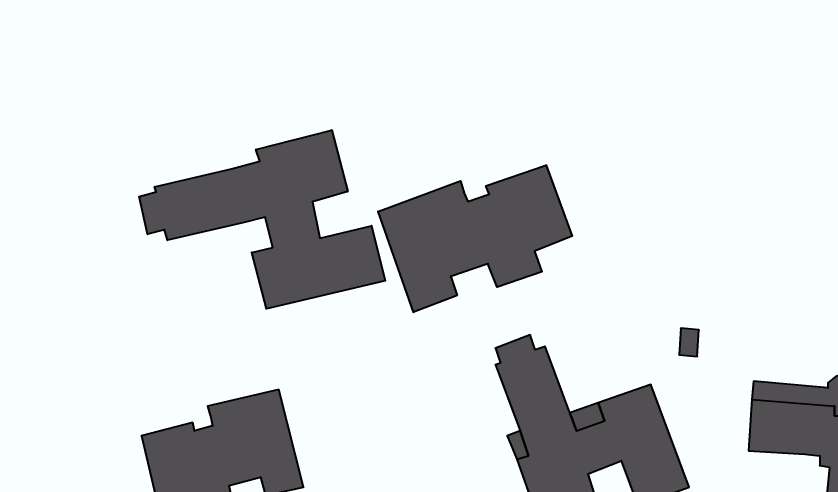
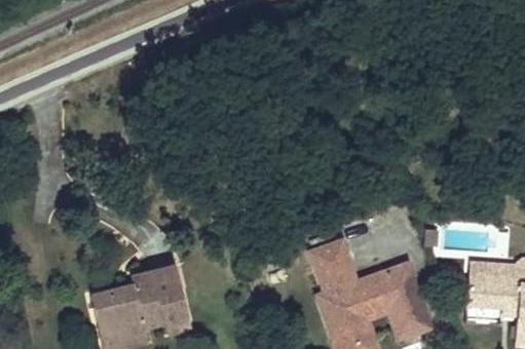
building: [139,130,385,309] -> none
building: [378,165,572,312] -> none

